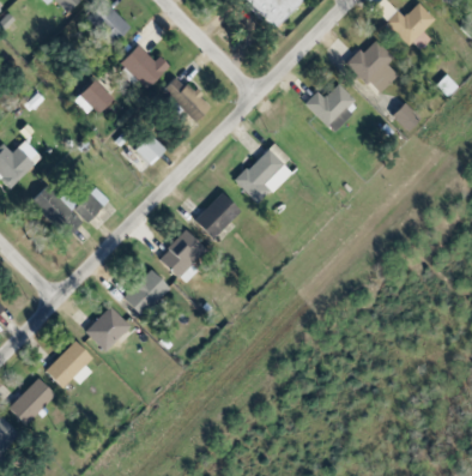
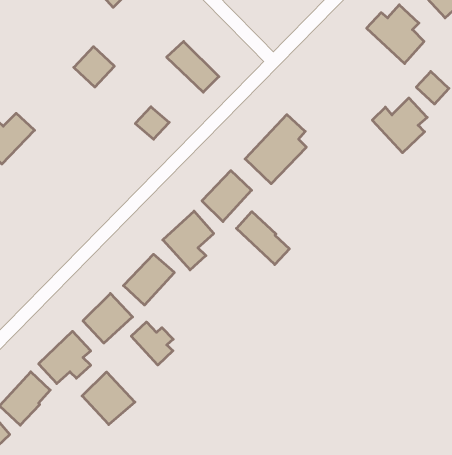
building: [120,44,169,89] -> none
building: [304,83,355,133] -> [372,98,427,153]
building: [30,186,109,239] -> none
building: none -> [236,212,289,265]
building: none -> [131,322,173,365]
building: none -> [82,372,135,425]

